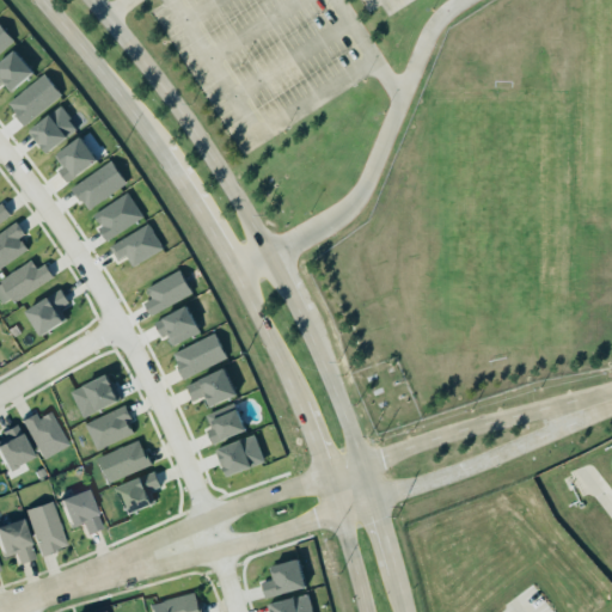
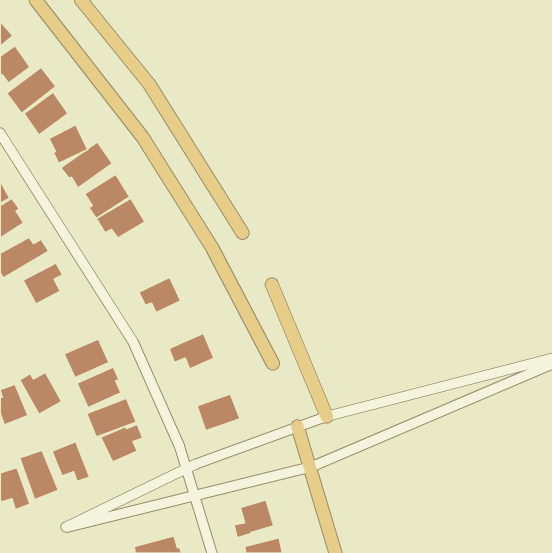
building: [145,270,194,316] -> none
building: [173,329,227,377] -> none
building: [208,410,247,443] -> none

